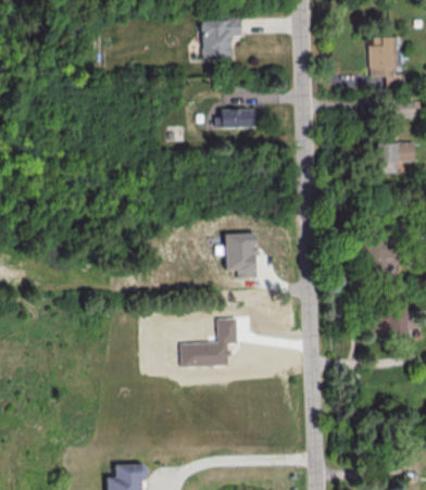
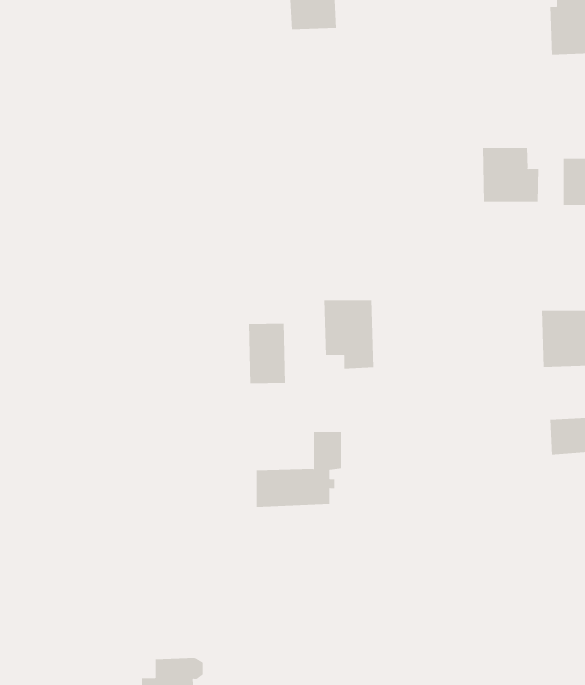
building: [215,108,254,127] -> none
building: none -> [483,147,539,202]
building: none -> [248,323,286,384]

